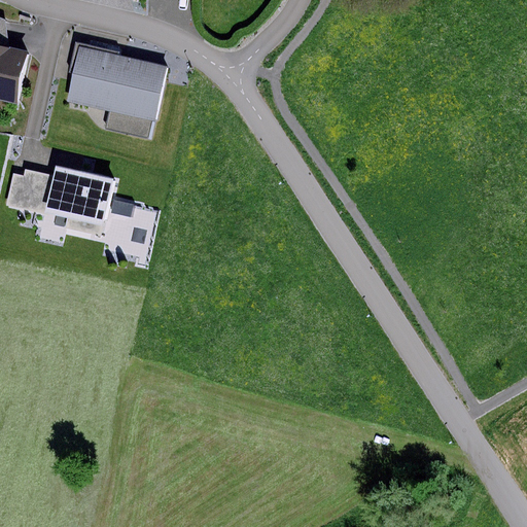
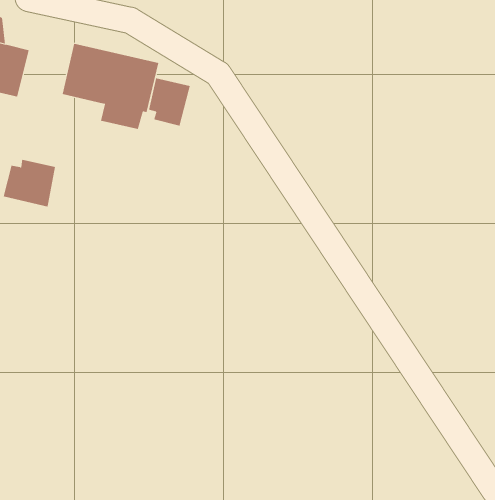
building: none -> [148,77,191,126]
building: [51,167,115,223] -> none

